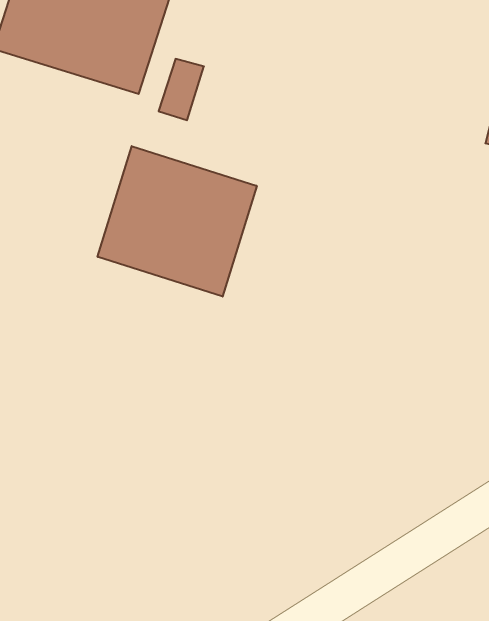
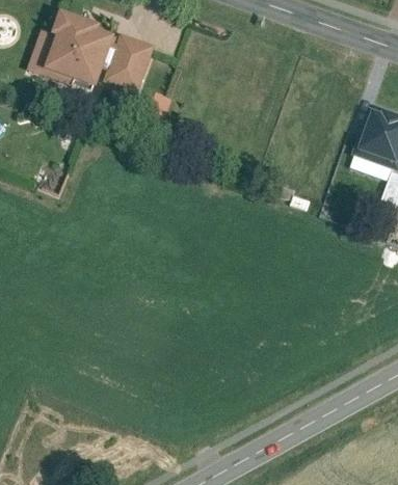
building: [98,146,257,297] -> none

